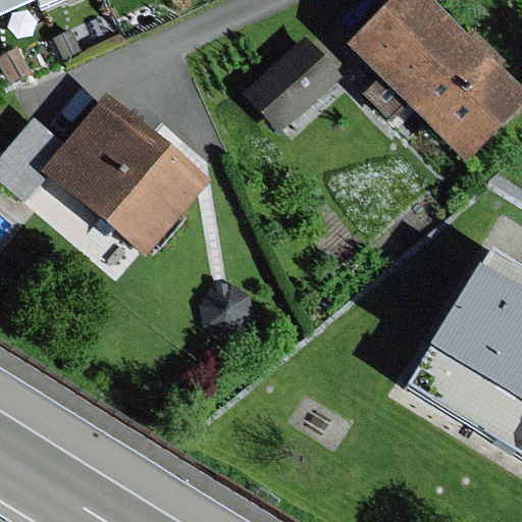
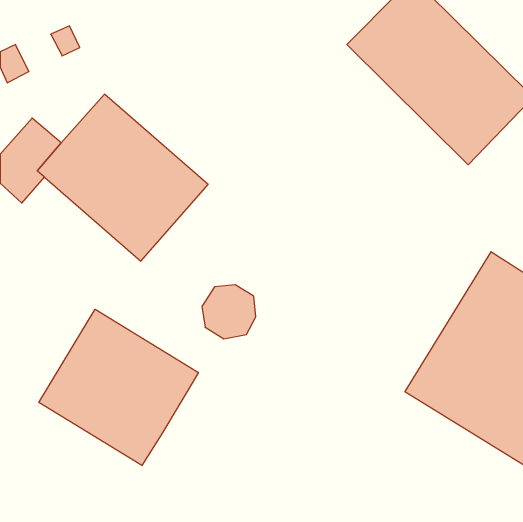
building: [245,33,346,130] -> none
building: none -> [39,309,198,466]

